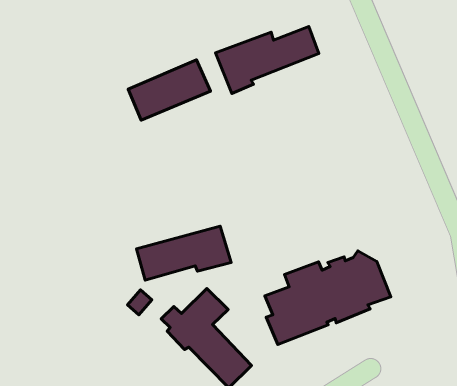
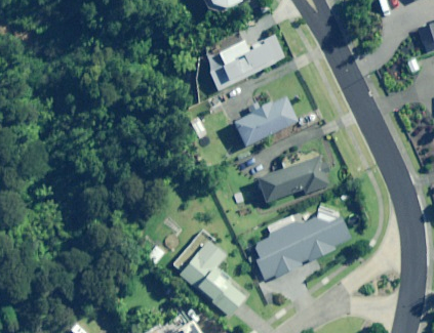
building: [128,60,210,120] -> [234,96,298,145]
building: [136,226,231,280] -> [257,157,330,202]

